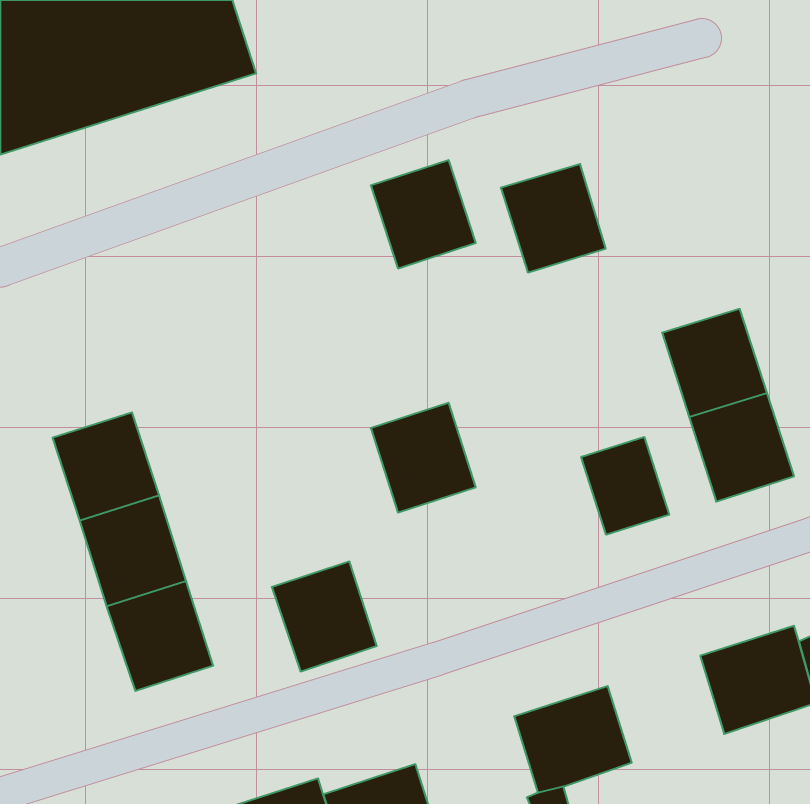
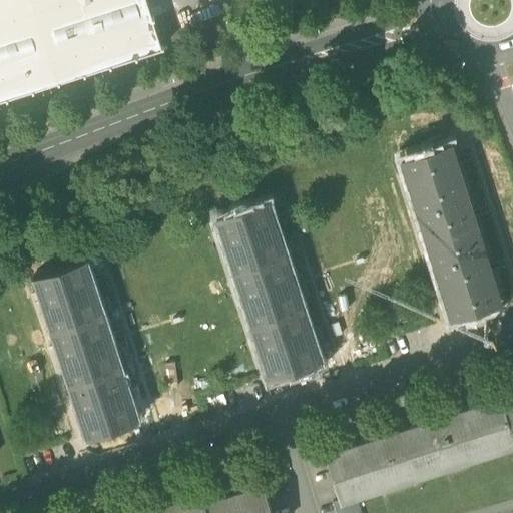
building: [371,160,476,268] -> [218,207,285,276]
building: [501,164,606,272] -> [402,147,468,215]
building: [581,437,669,535] -> none
building: [272,562,377,671] -> [252,313,319,382]
building: none -> [385,419,458,486]

